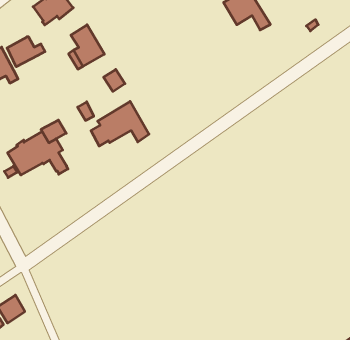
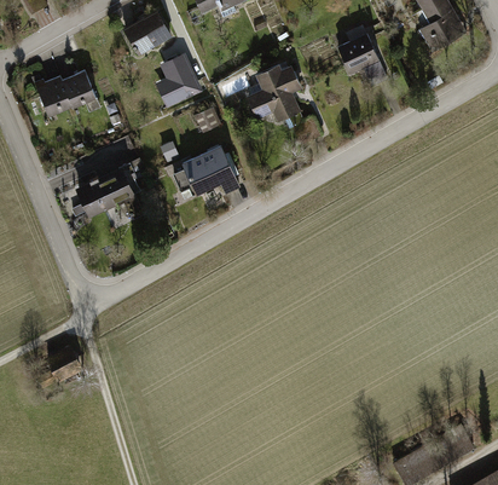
building: none -> [247,65,320,142]
building: [7,37,45,67] -> none

